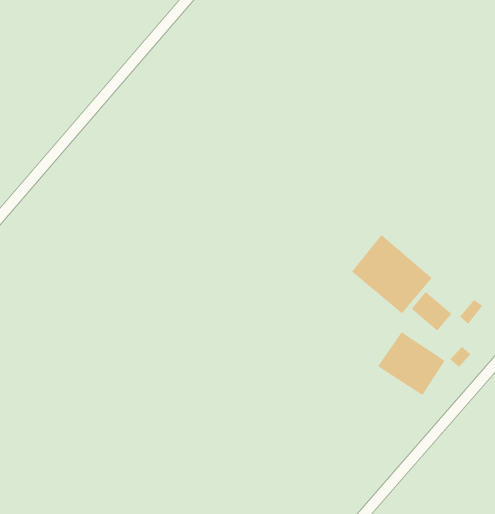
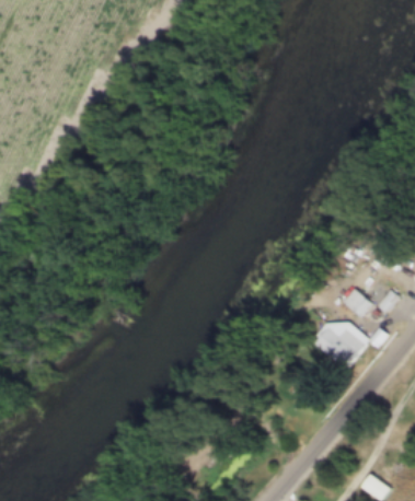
building: [351,234,432,314] -> none

